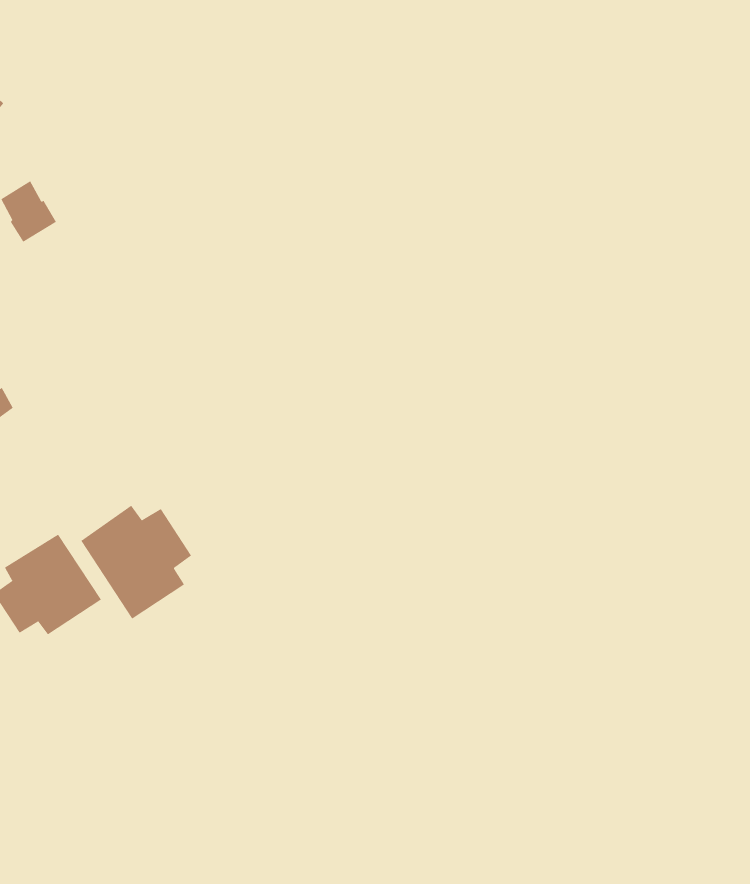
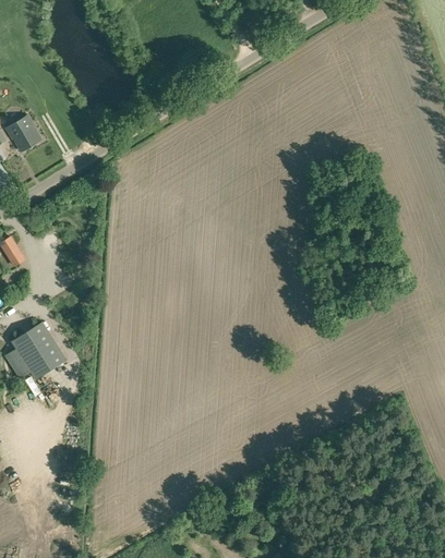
building: [80,505,192,619] -> none

